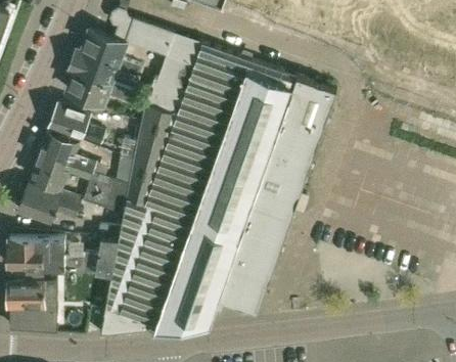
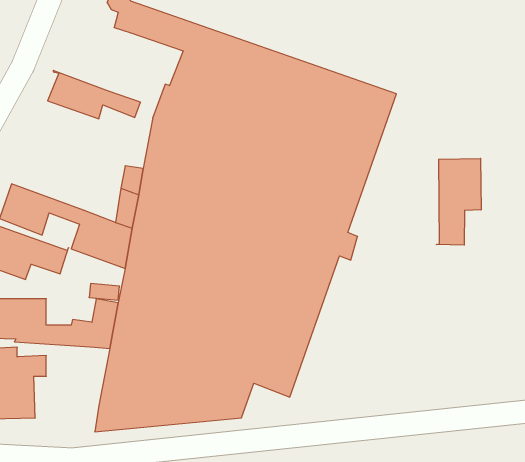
building: [72,33,142,86] -> none
building: [50,103,106,147] -> none
building: [41,134,97,174] -> none
building: none -> [436,158,481,245]

